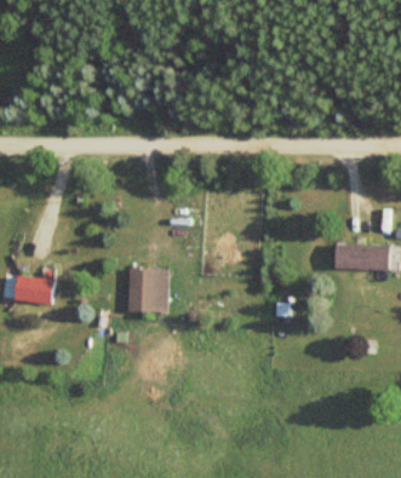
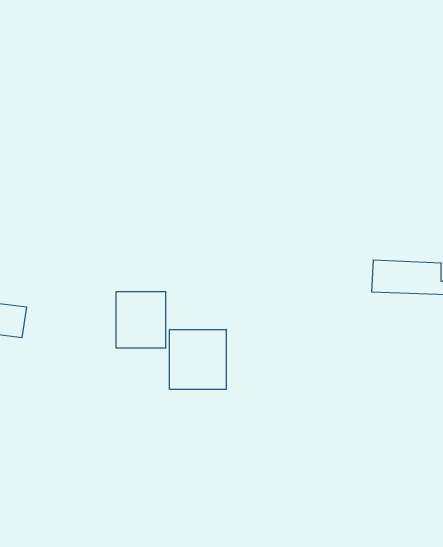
building: none -> [170,329,226,389]

